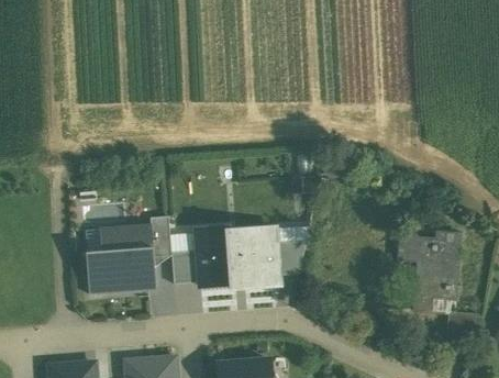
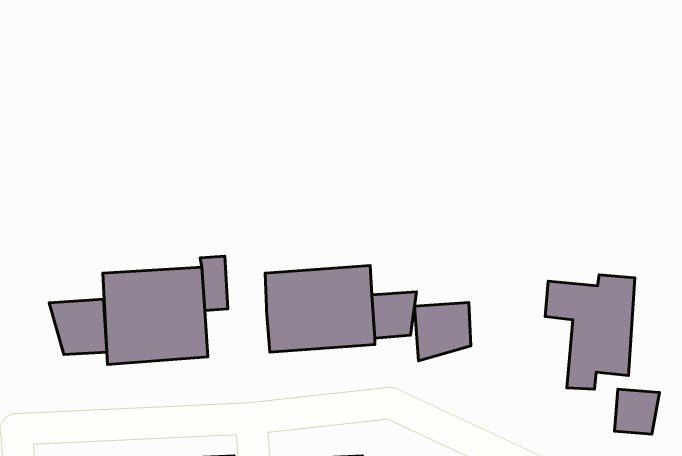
building: none -> [49,299,107,354]
building: none -> [415,303,471,361]
building: [171,254,201,282] -> none

